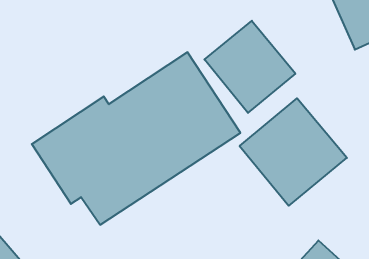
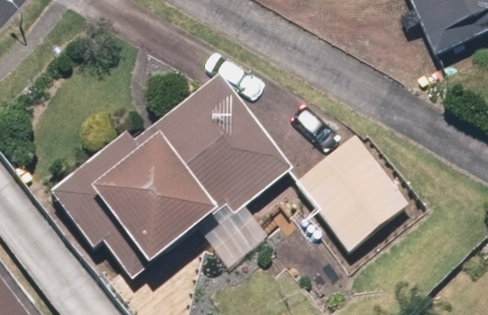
building: [204,21,295,113] -> none

